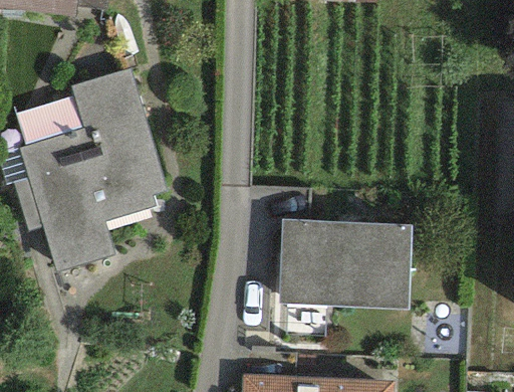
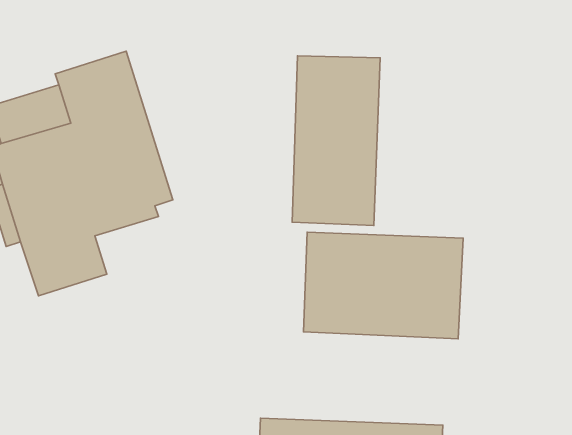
building: none -> [292,56,380,226]

